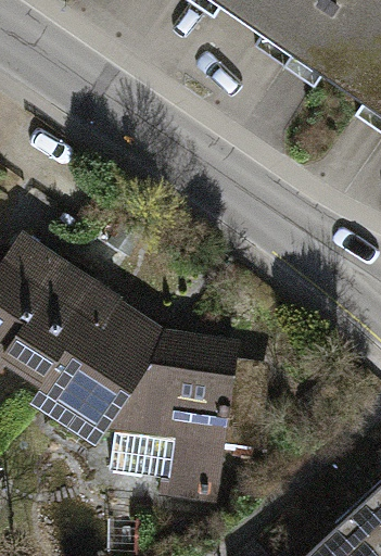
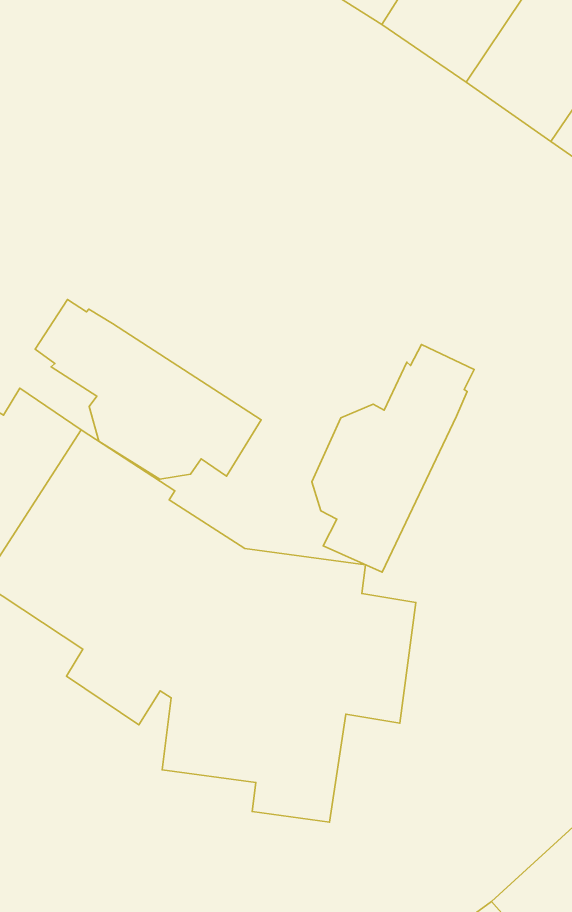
building: none -> [35,299,261,479]
building: none -> [312,344,474,572]

